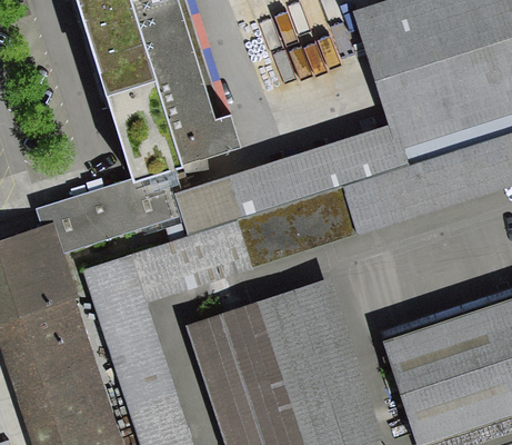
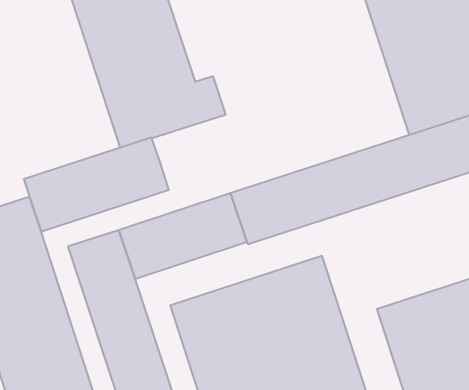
building: [171,119,408,233] -> none

